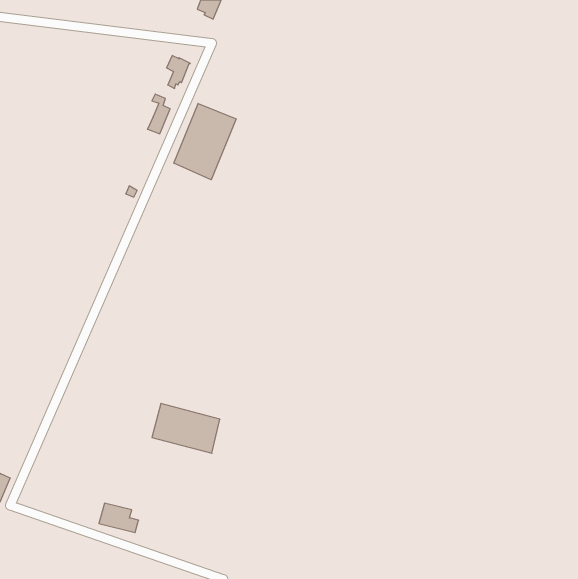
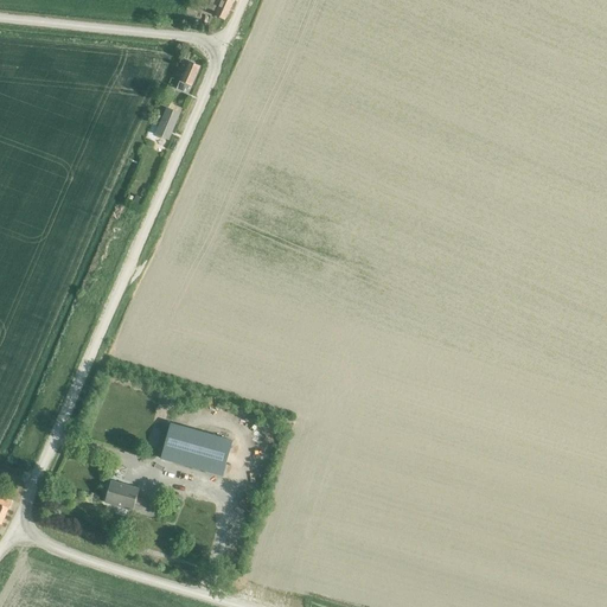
building: [174,103,236,180] -> none
building: [99,503,139,533] -> [103,481,145,512]

